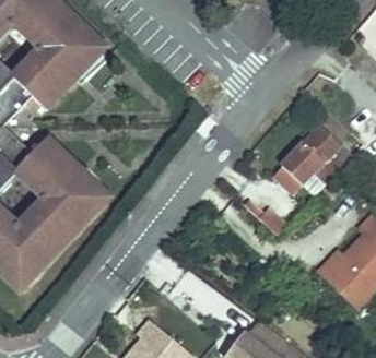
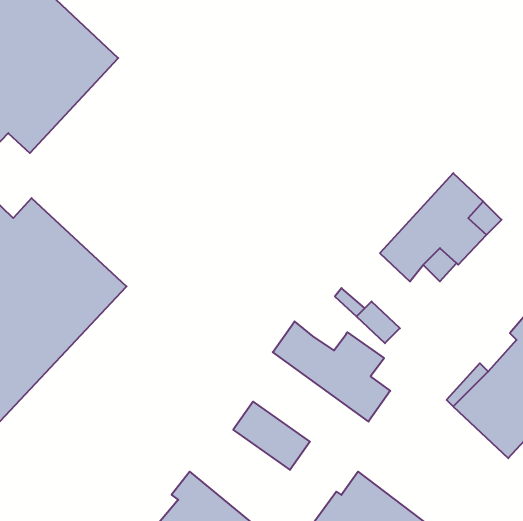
building: none -> [273,321,390,422]

